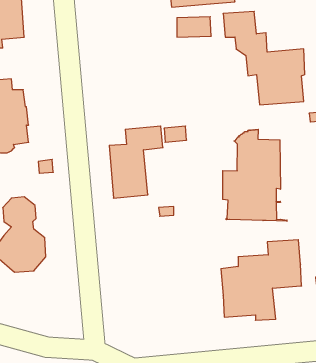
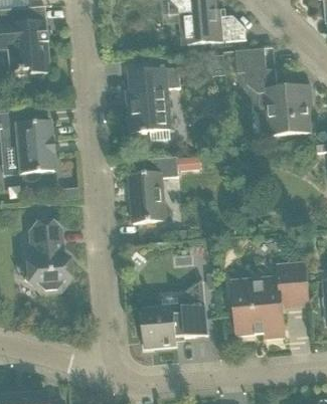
building: none -> [127,66,180,140]
building: [223,129,287,221] -> none
building: none -> [141,278,207,348]

